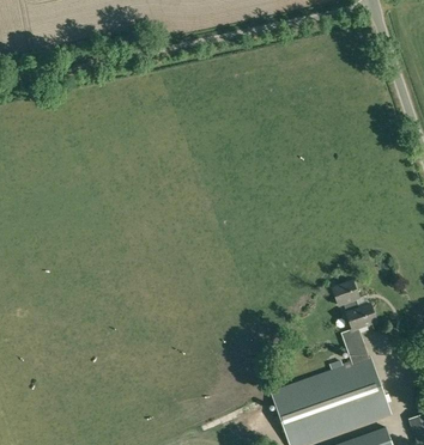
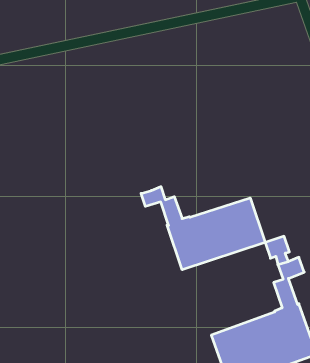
building: none -> [141,187,265,270]

